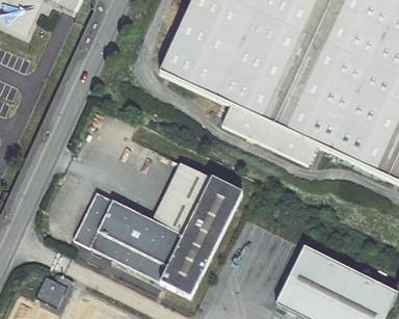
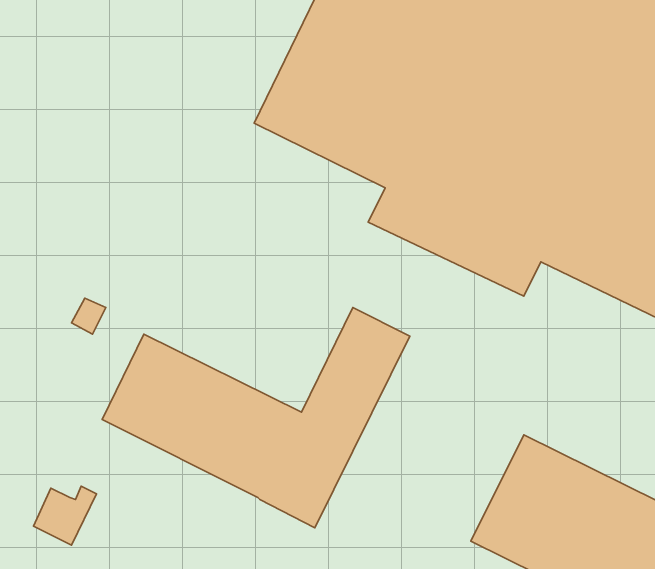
building: [156,159,212,230] -> none

